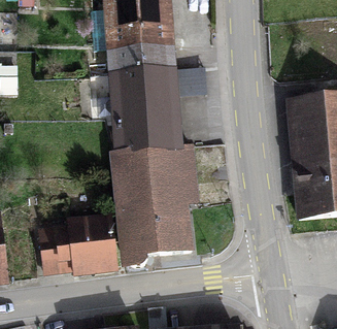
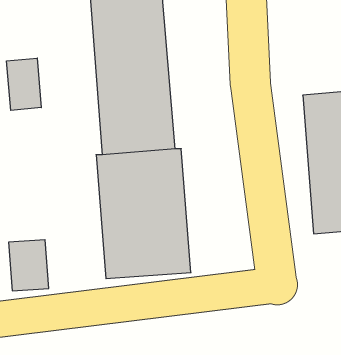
building: none -> [7,58,41,110]
building: [71,216,114,272] -> none

